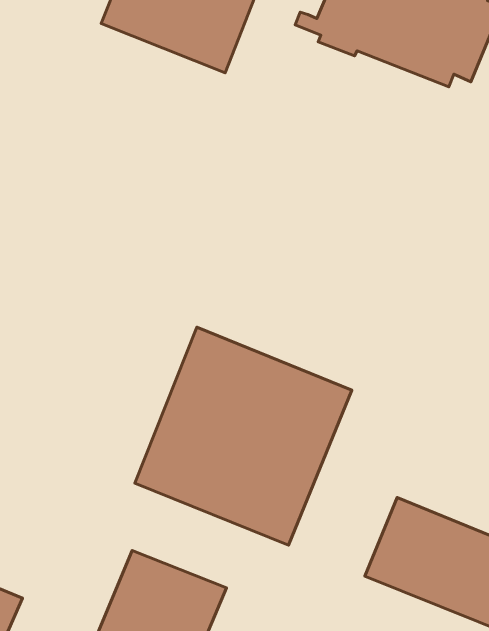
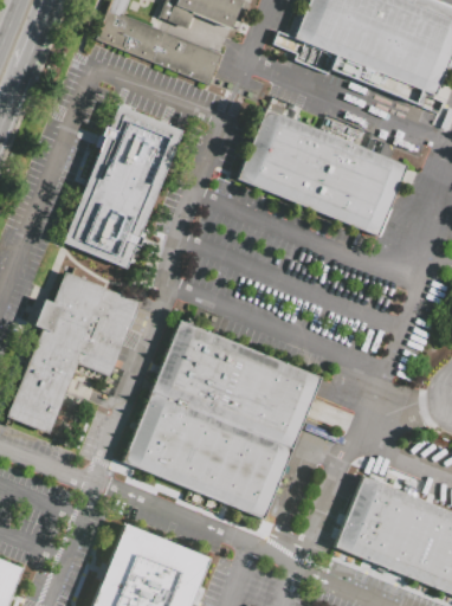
building: none -> [65,104,185,270]
building: none -> [240,108,409,236]
building: none -> [7,273,141,436]

